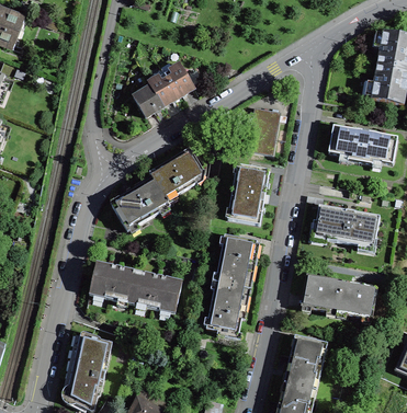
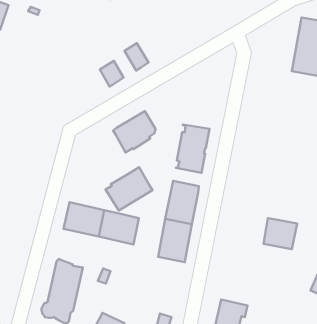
building: [148,73,178,106] -> none
building: [241,108,280,154] -> none
building: [328,125,397,164] -> none
building: [111,177,169,231] -> [106,167,153,211]
building: [310,205,378,245] -> none
building: [299,274,341,312] -> none
building: [283,335,327,389] -> none

